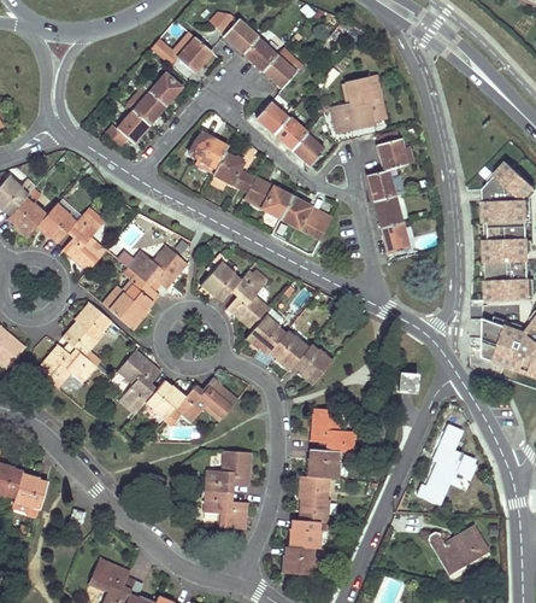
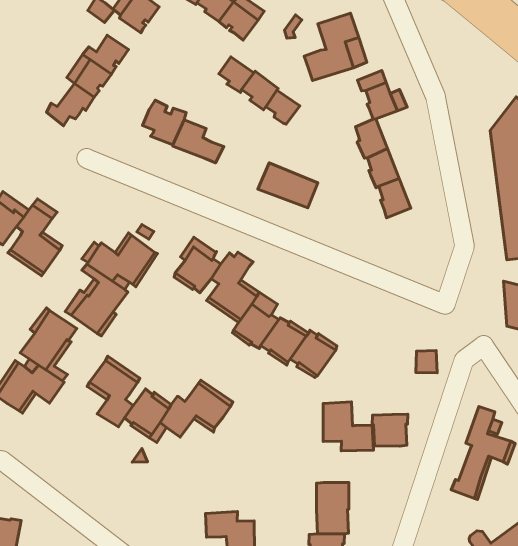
building: [242,177,291,218] -> none
building: [308,449,340,478] -> [372,414,408,446]
building: [205,450,249,492] -> none

